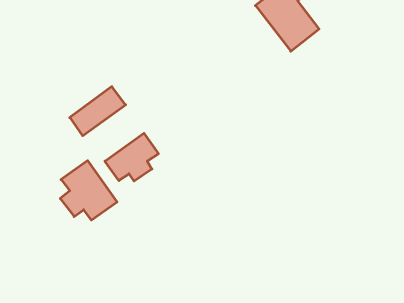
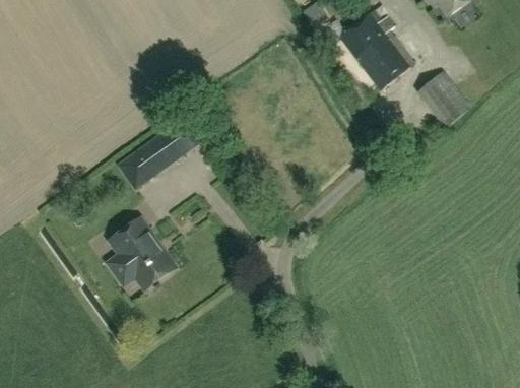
building: none -> [417,71,470,126]
building: [105,133,158,181] -> none

